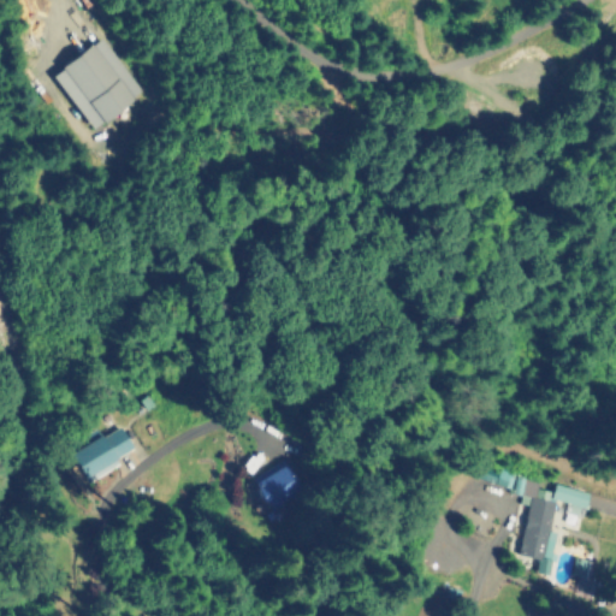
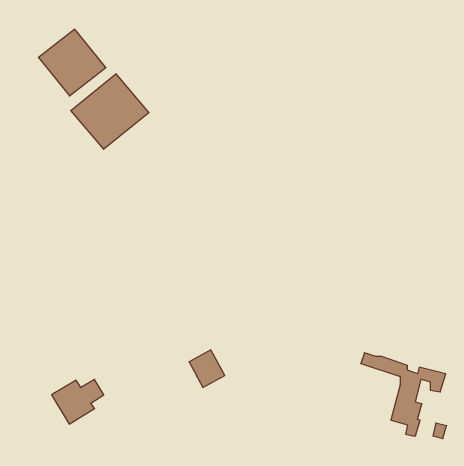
building: none -> [71,74,149,149]
building: [65,427,134,486] -> [52,379,104,424]

